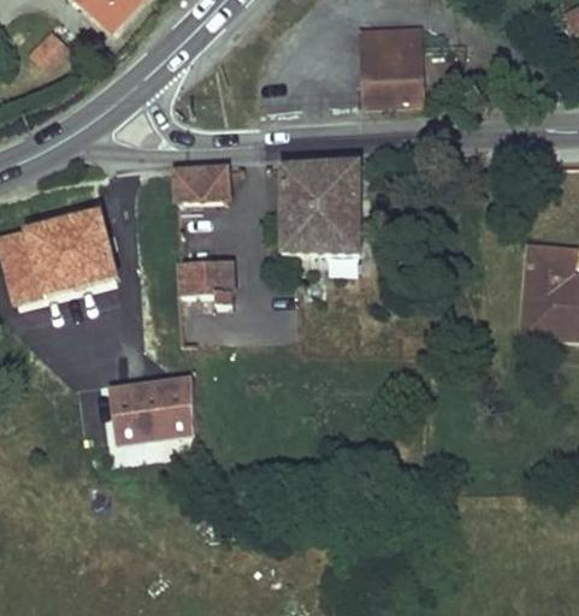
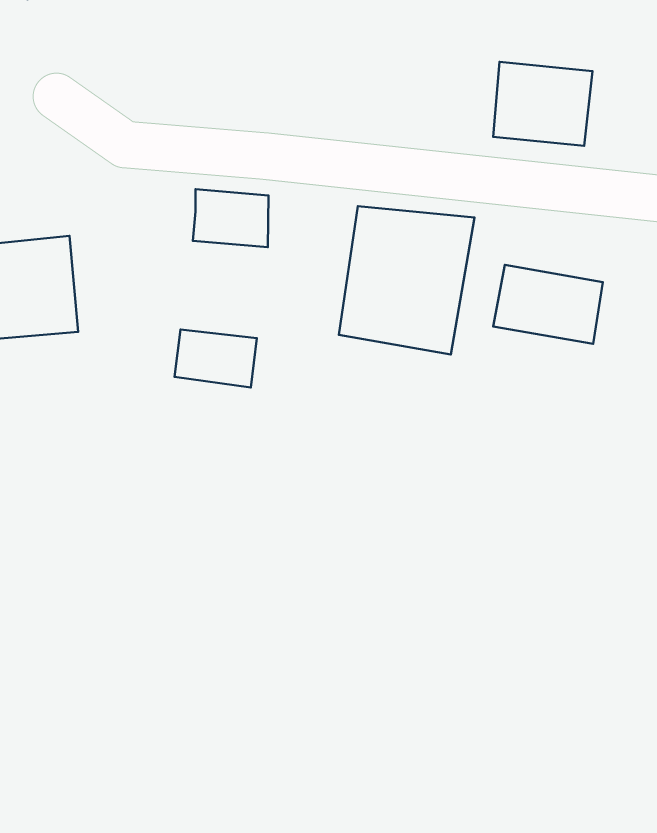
building: [360,28,421,57] -> none
building: none -> [493,265,603,344]
building: [110,379,193,442] -> none

